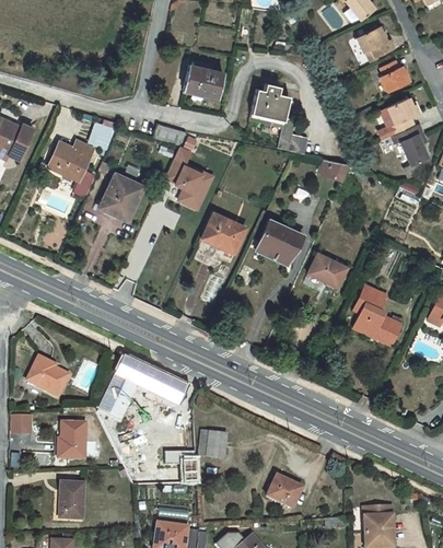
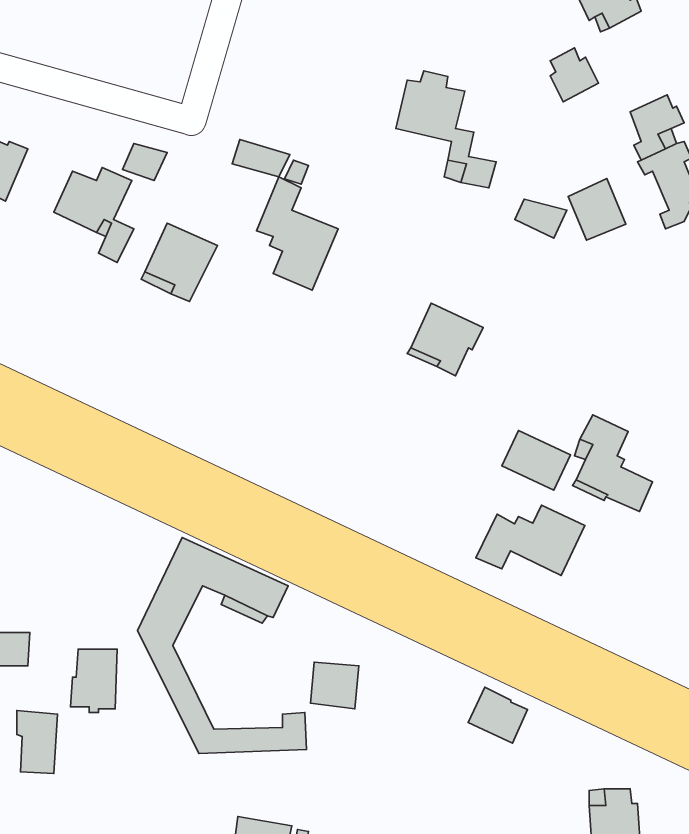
building: [381,60,409,92] -> [550,48,599,102]
building: [184,65,223,97] -> none
building: none -> [568,178,626,240]
building: [205,213,246,250] -> none
building: [307,253,348,288] -> [502,431,570,490]
building: none -> [476,505,585,576]
building: [27,357,68,395] -> none
building: [267,476,302,509] -> [468,687,528,743]
building: [60,482,84,520] -> [17,710,58,774]

